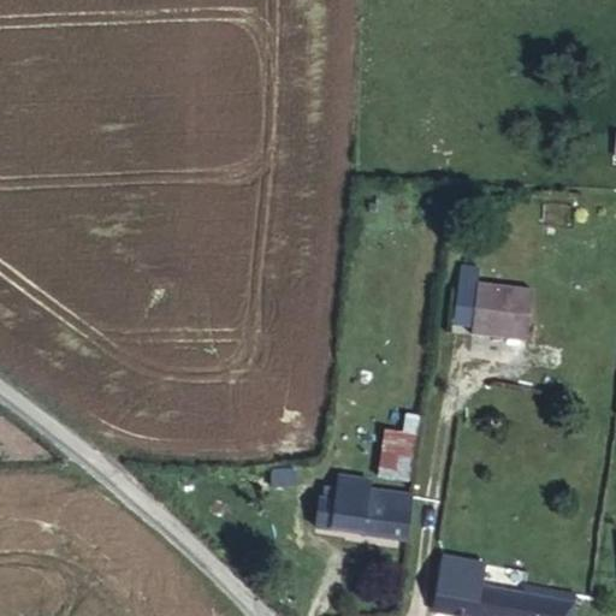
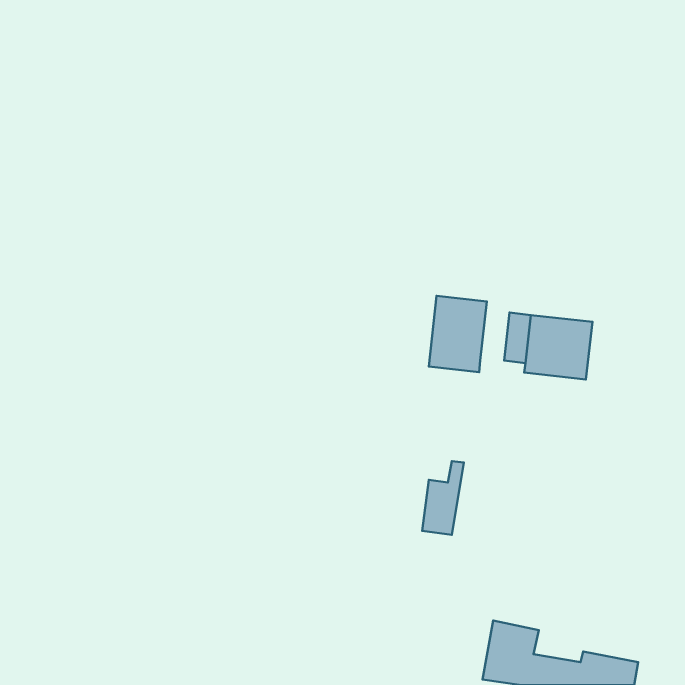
building: none -> [429,296,487,372]
building: [315,476,411,540] -> none

